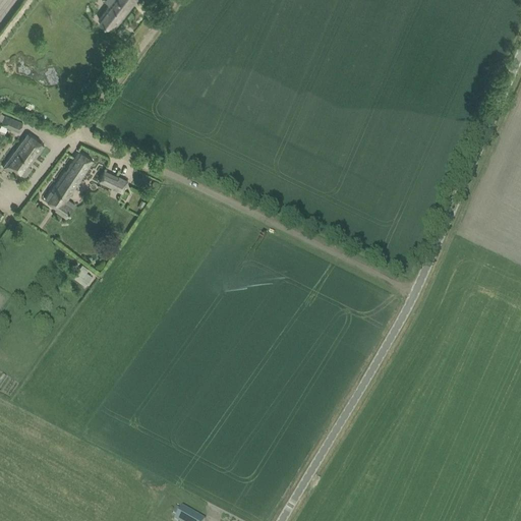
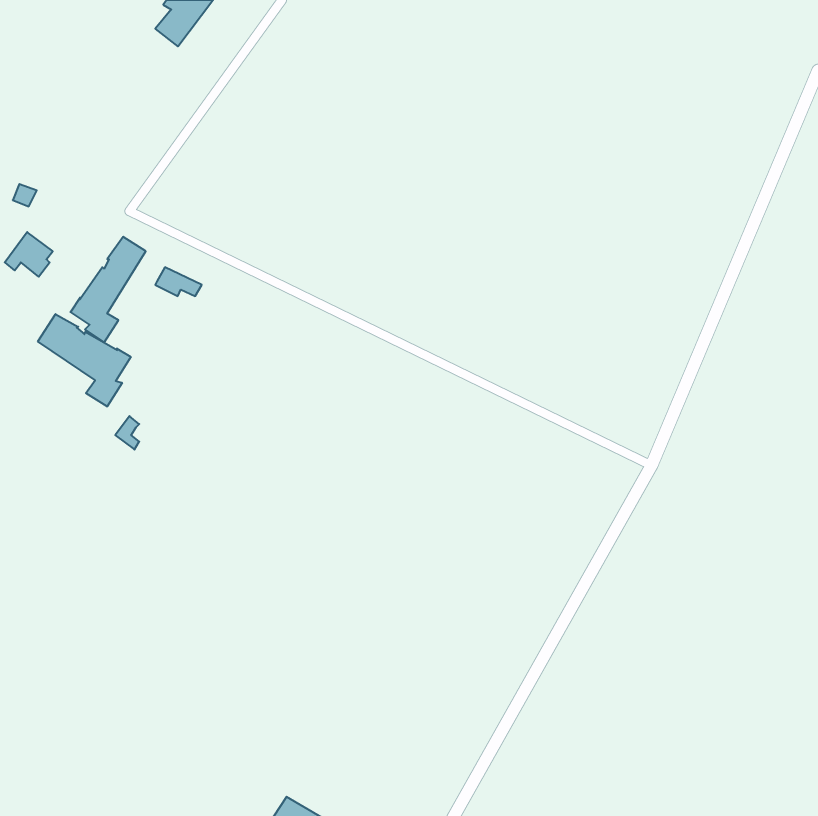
building: [17,133,44,161] -> none
building: none -> [38,314,131,407]

